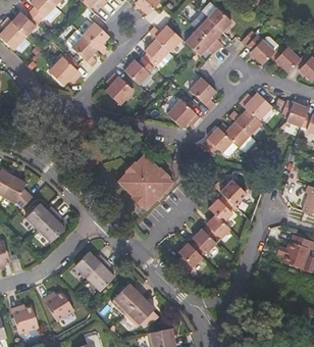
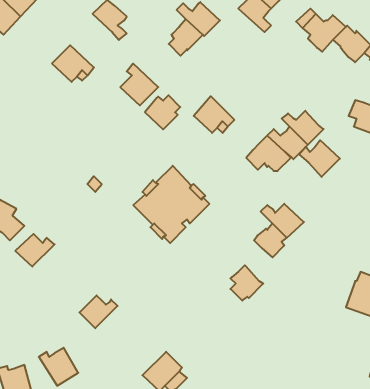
building: [187,29,218,53] -> none
building: [72,33,100,66] -> none
building: [125,56,153,83] -> [145,95,180,129]
building: [185,76,212,107] -> none
building: [243,91,274,119] -> [299,140,340,177]
building: [38,212,64,243] -> none
building: [204,215,230,241] -> none
building: [176,243,203,271] -> none
building: [87,260,113,291] -> none
building: [111,284,142,314] -> none

